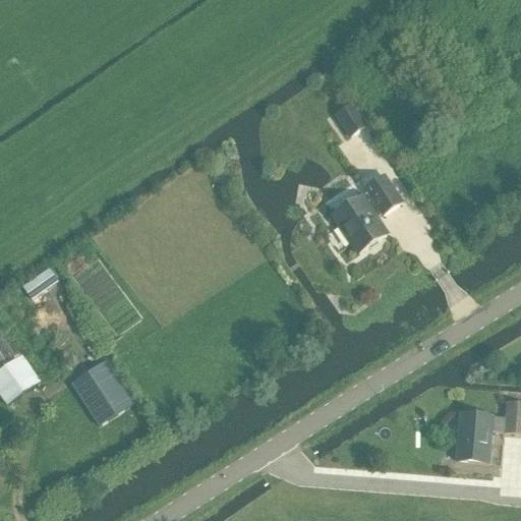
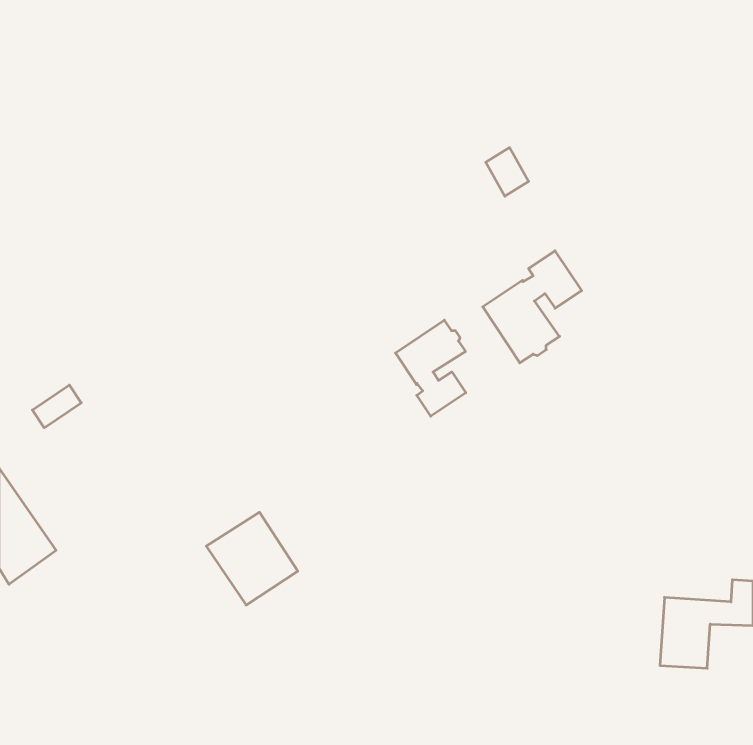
building: none -> [395,320,466,416]
building: [71,358,134,422] -> [206,512,298,605]

